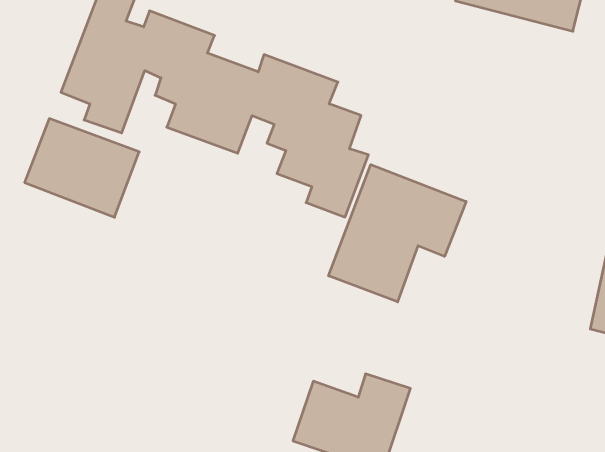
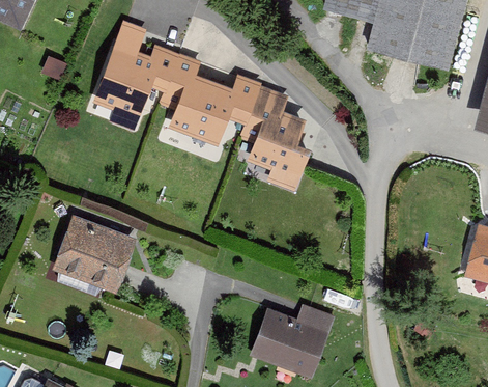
building: [25,119,139,217] -> [56,214,138,284]
building: [329,165,466,302] -> none

